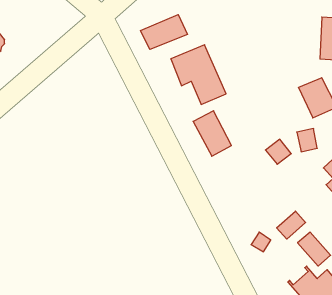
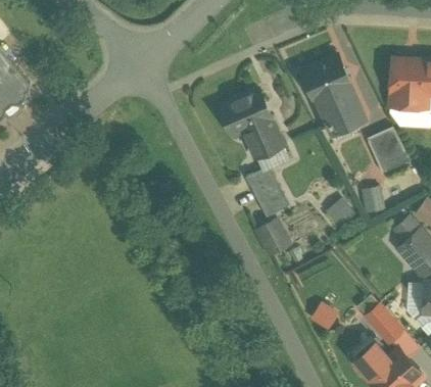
building: none -> [301,55,365,134]
building: [141,15,187,49] -> none
building: none -> [256,220,289,255]
building: [277,211,306,239] -> none

